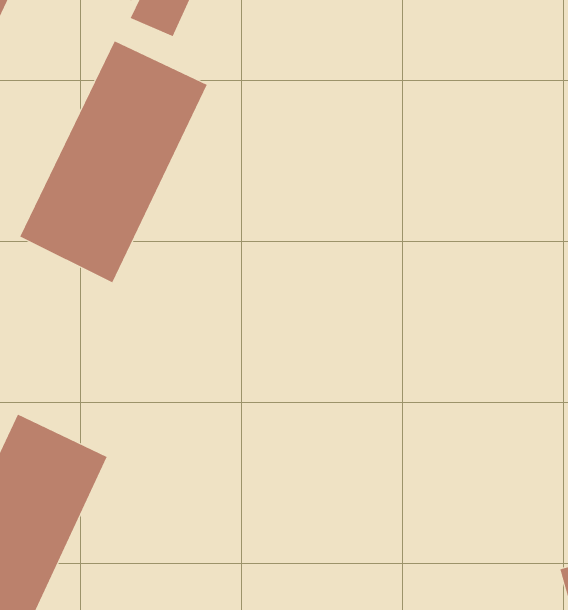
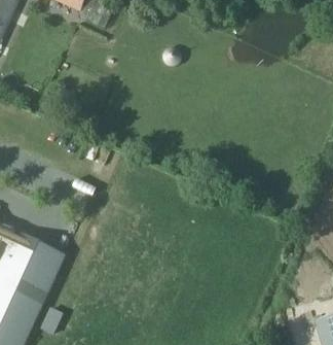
building: [19,41,208,283] -> none

